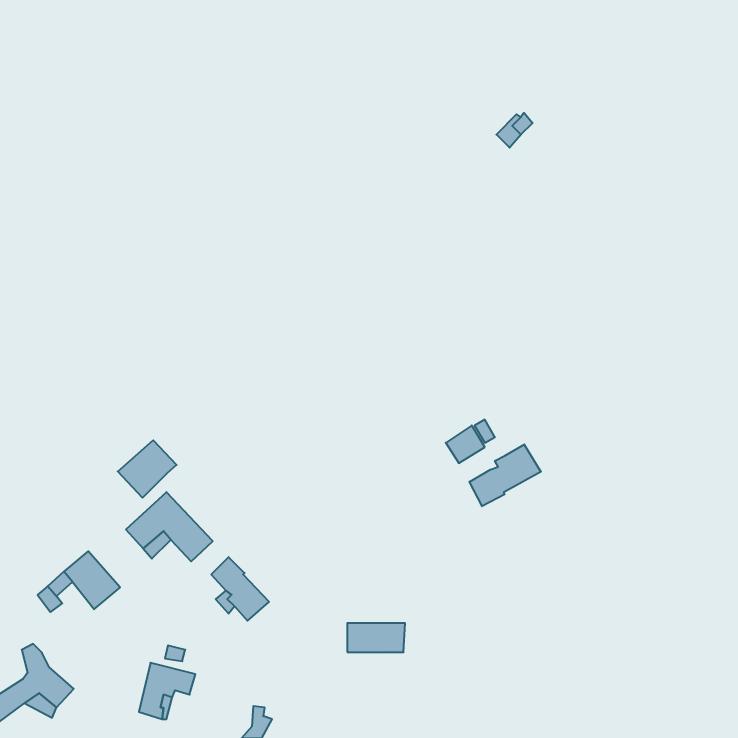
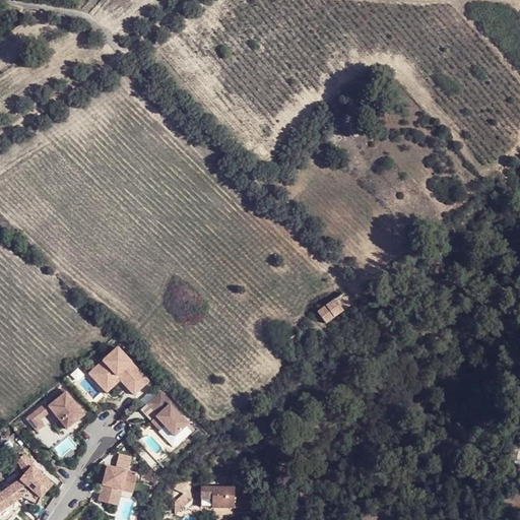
building: [118,440,177,498] -> none
building: [469,444,541,506] -> none
building: [347,623,405,652] -> [200,486,241,507]

